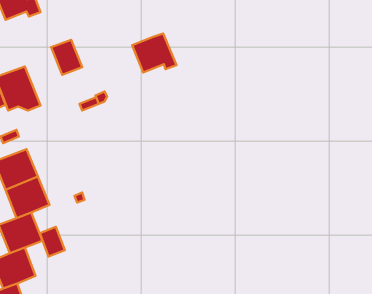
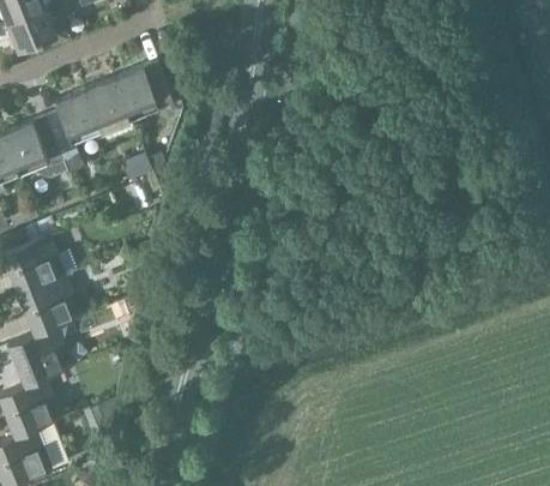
building: [132,33,176,73] -> [113,61,176,118]
building: none -> [46,89,99,161]
building: [40,227,65,257] -> none

